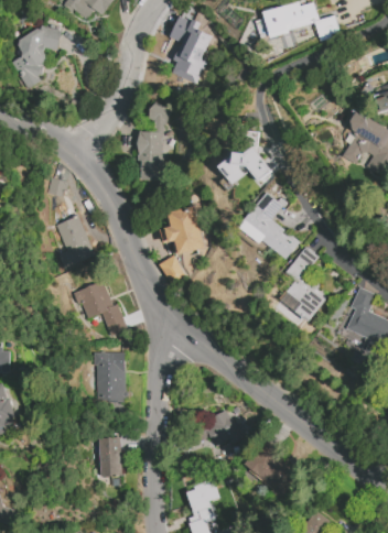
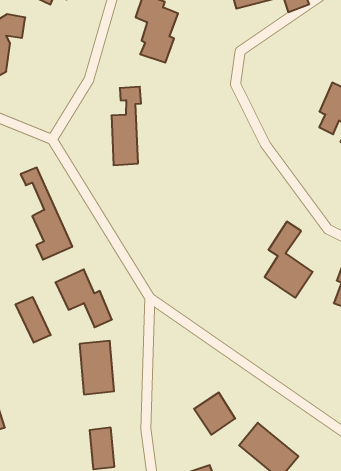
building: [220,142,273,184] -> none
building: [240,189,301,260] -> none
building: [160,205,204,281] -> none
building: none -> [16,297,51,343]

